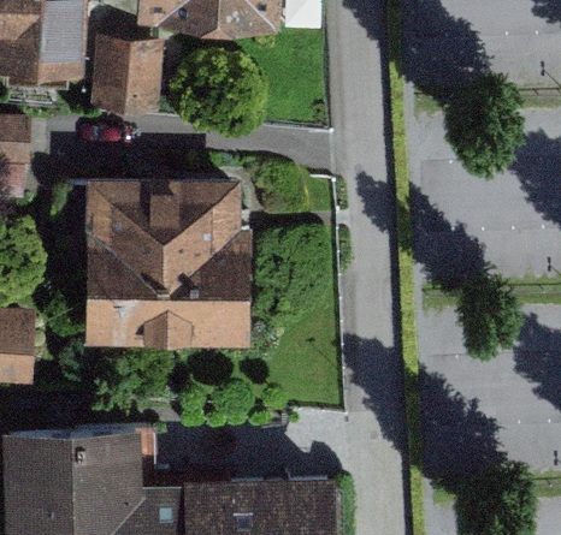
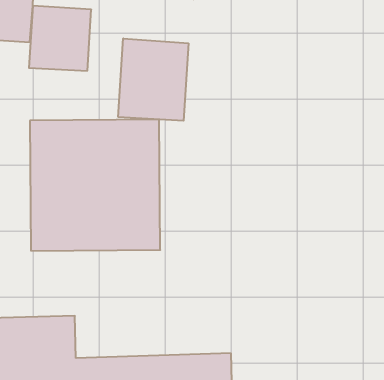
building: none -> [118,38,188,121]

